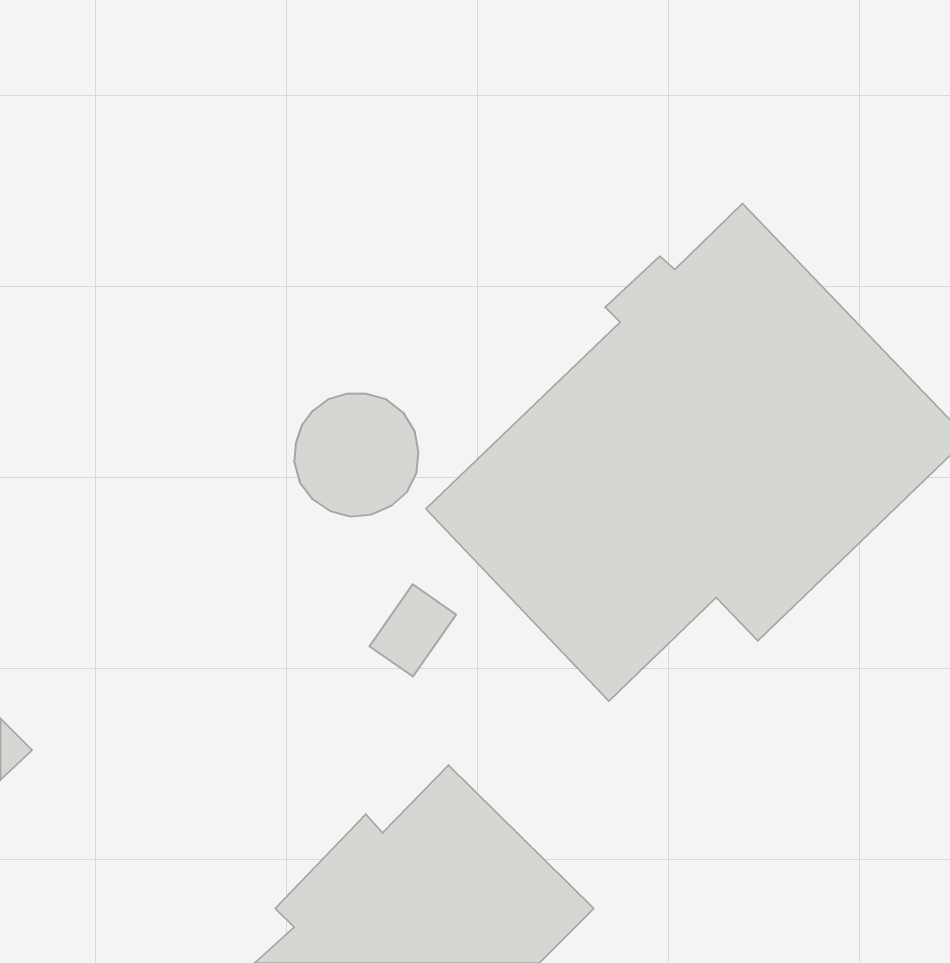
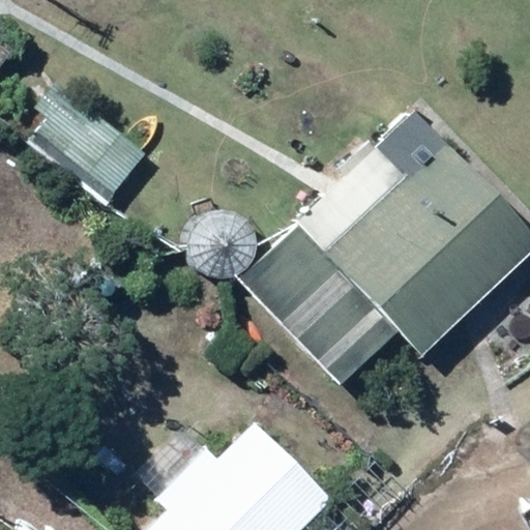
building: none -> [22,84,146,200]

